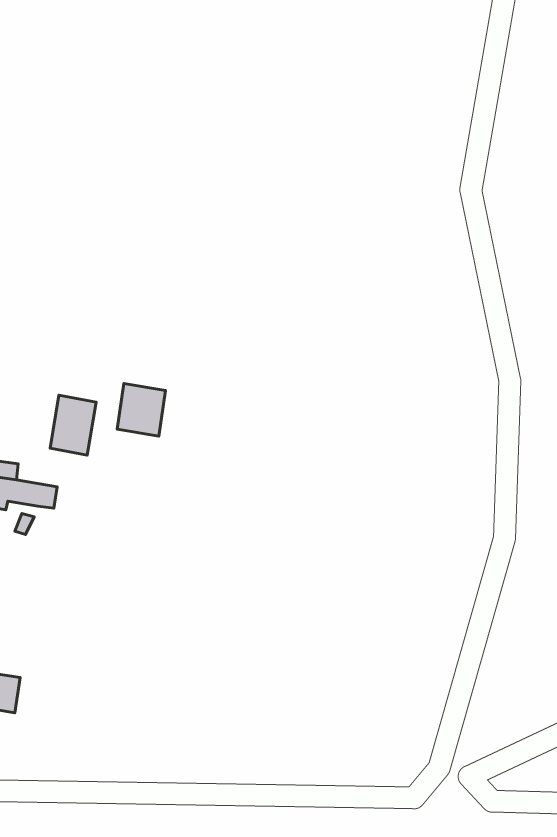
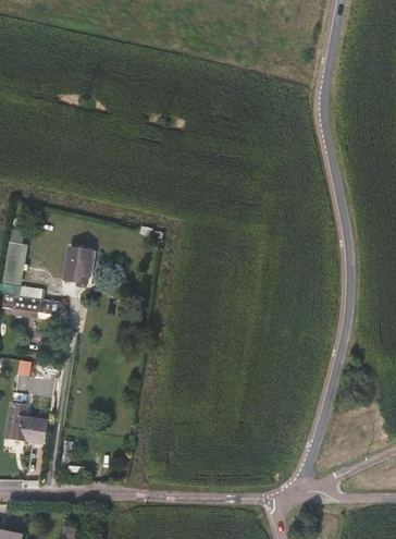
building: [117,384,166,436] -> none

